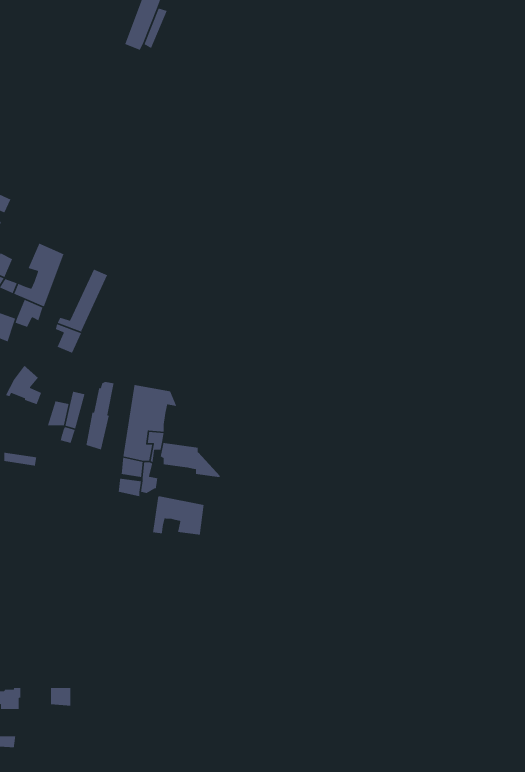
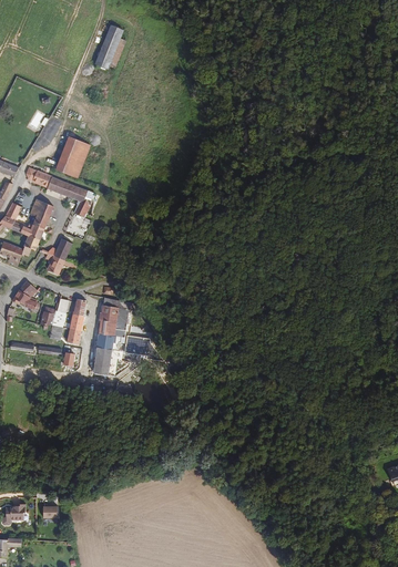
building: none -> [58,137,90,177]
building: none -> [25,169,98,220]
building: [152,496,205,535] -> none

